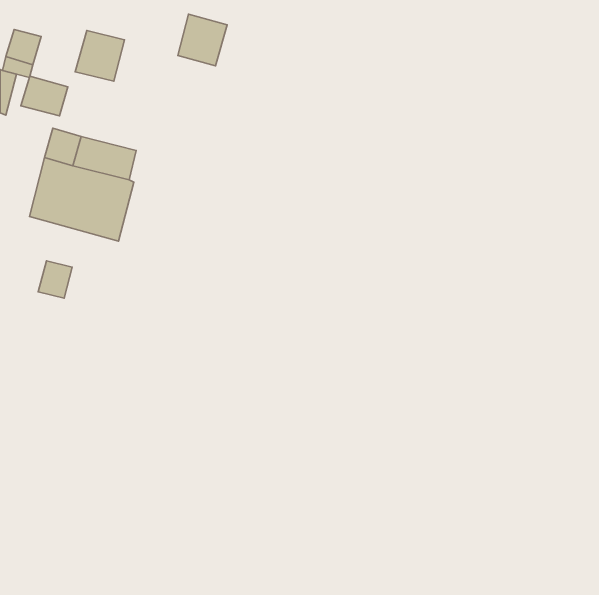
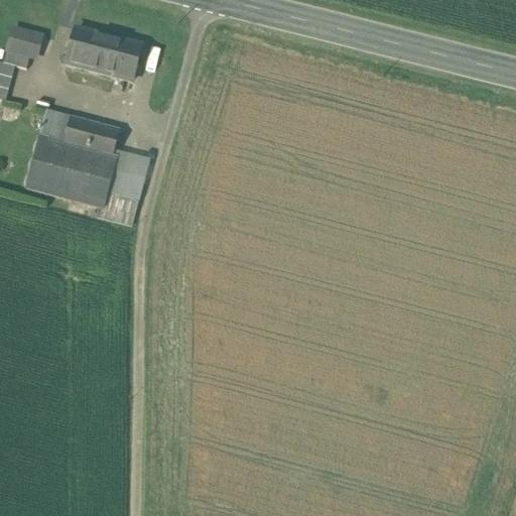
building: [178,14,227,66] -> [99,34,141,79]
building: [21,76,68,116] -> none
building: [38,261,72,298] -> none

